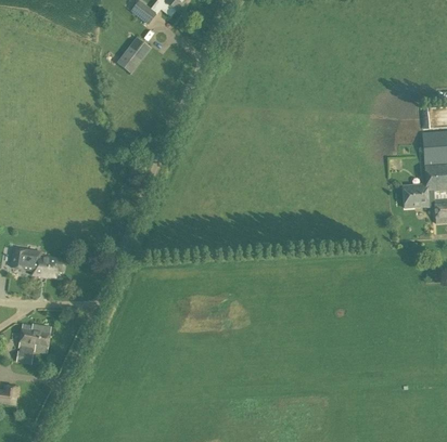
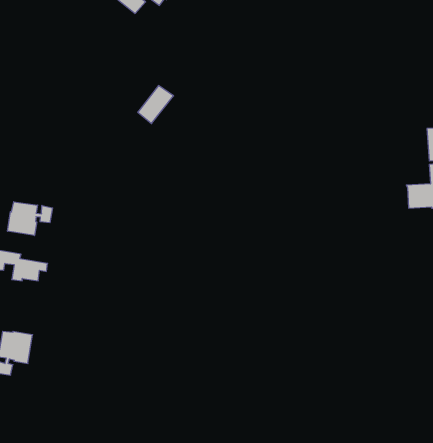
building: [116,36,150,72] -> [138,86,174,124]
building: none -> [8,202,53,236]

